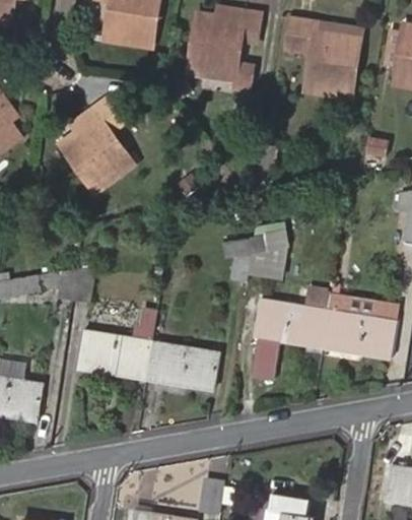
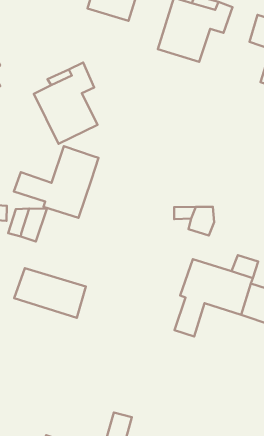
building: none -> [14,146,98,218]
building: [146,342,220,388] -> none

